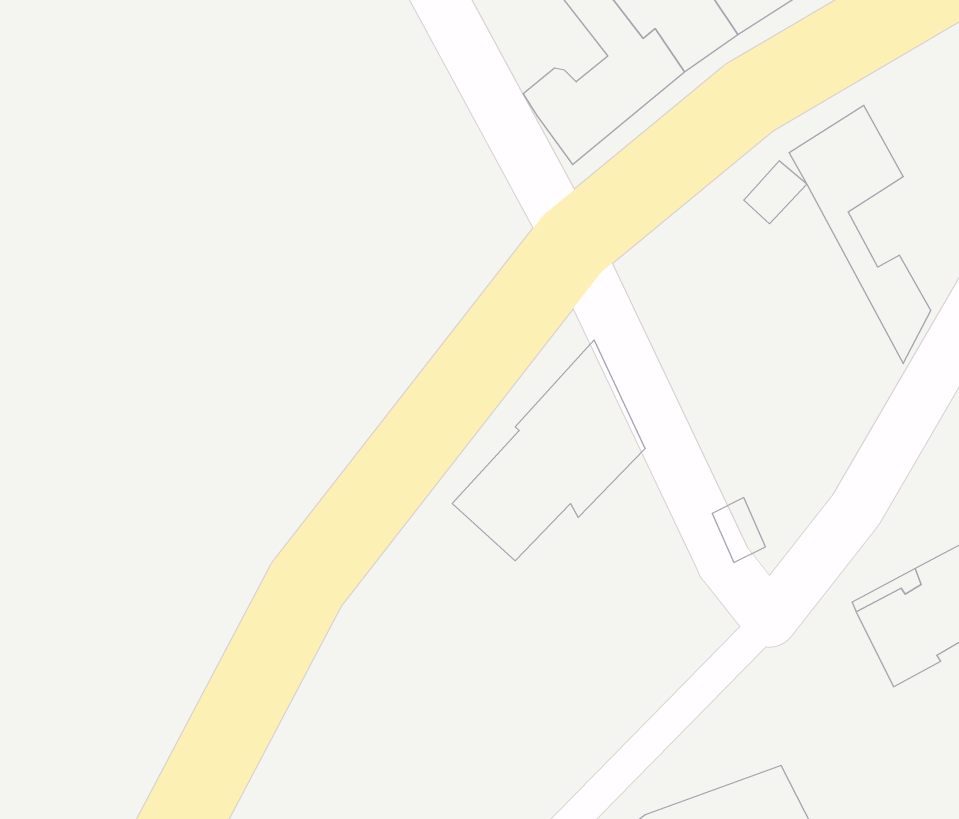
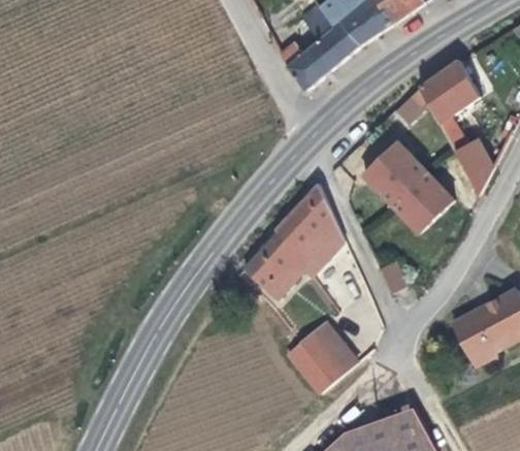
building: none -> [364,143,454,234]
building: none -> [292,325,358,394]

